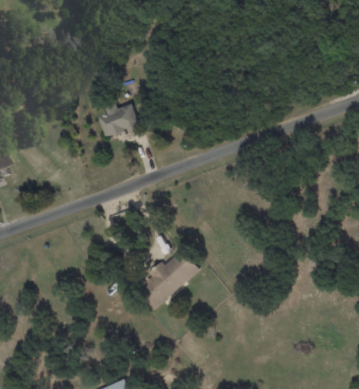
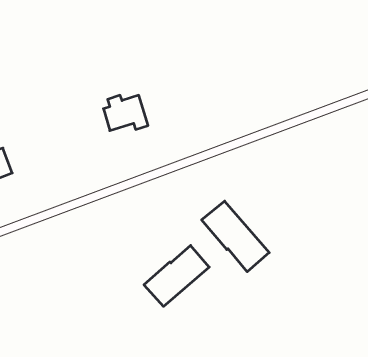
building: none -> [202,201,269,272]

